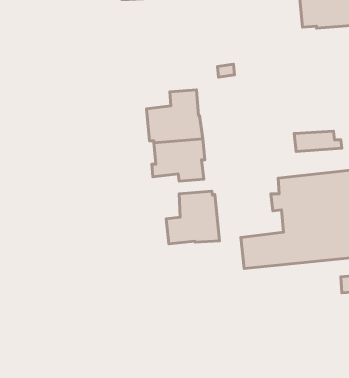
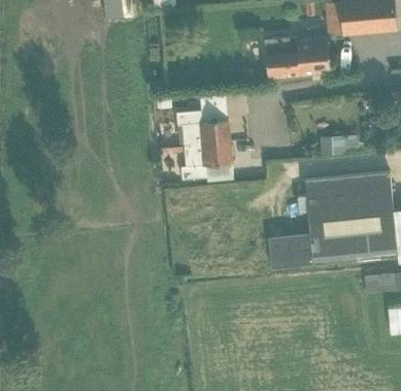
building: none -> [266,37,331,79]
building: [166,191,219,244] -> none

